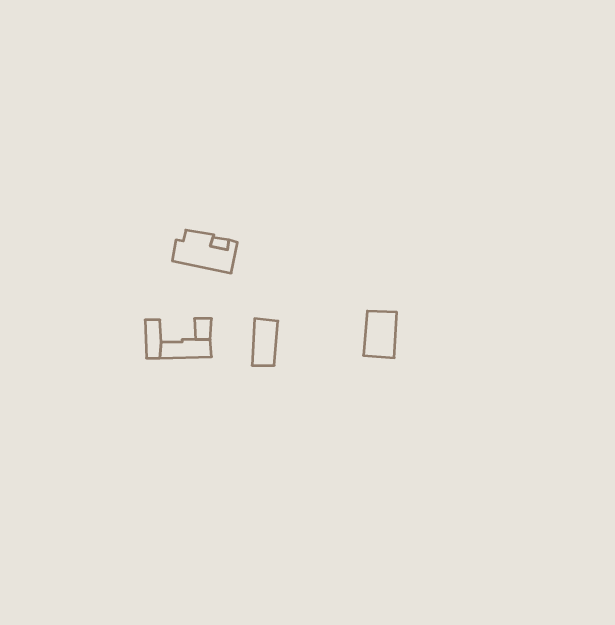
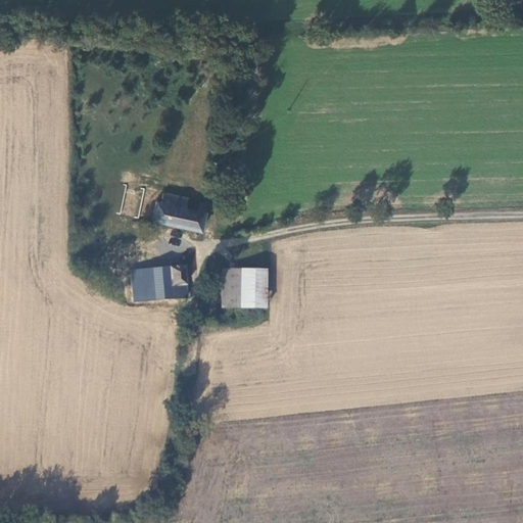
building: [363,311,397,358] -> [239,270,267,308]
building: none -> [144,268,174,287]

